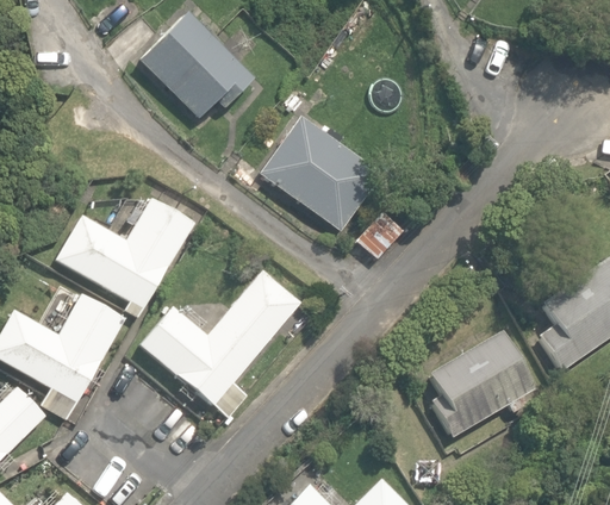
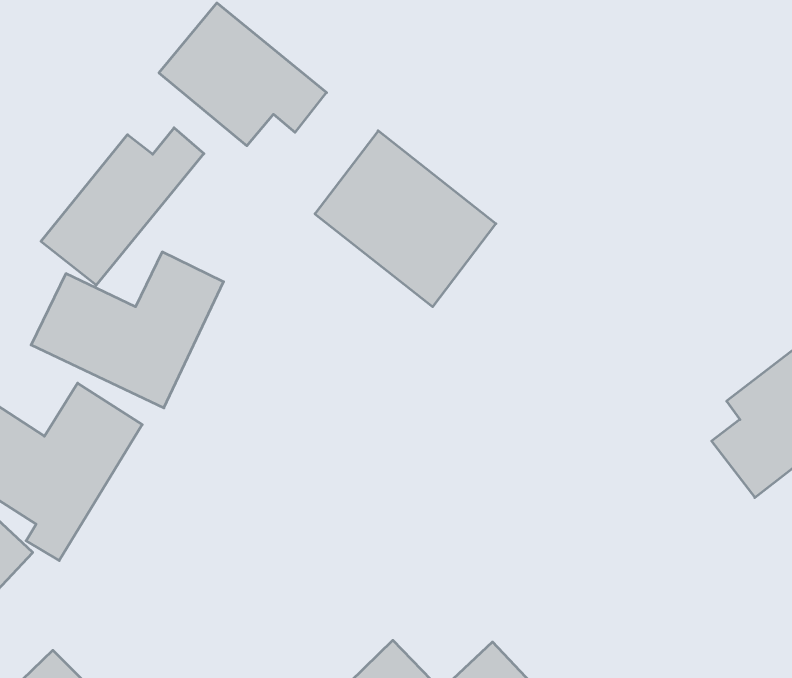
building: none -> [41,128,204,285]
building: [137,269,299,420] -> none
building: [428,328,533,441] -> none

